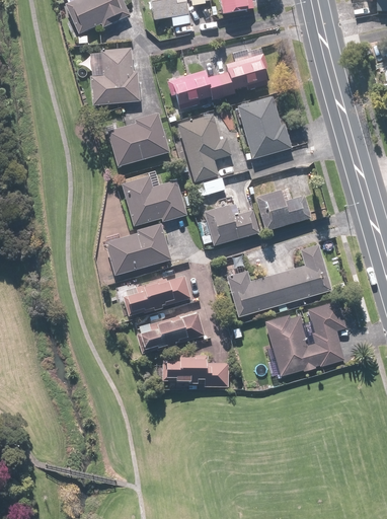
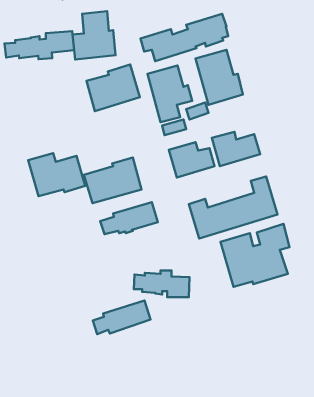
building: none -> [5,31,74,59]
building: [120,175,186,226] -> [28,153,85,196]
building: [136,311,204,351] -> [93,301,150,334]

